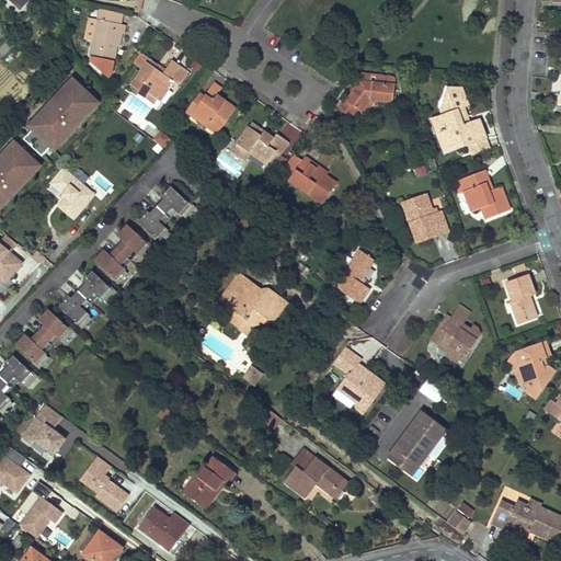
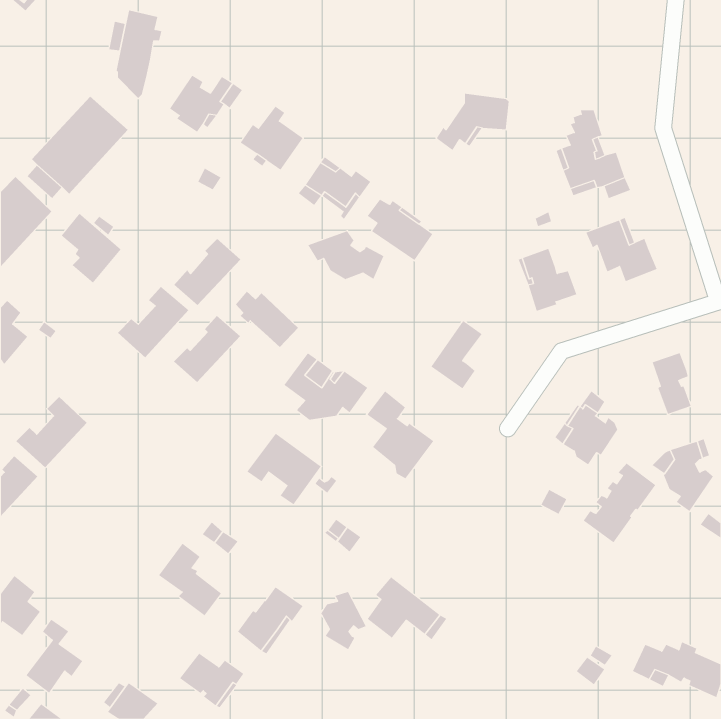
building: none -> [308,231,384,280]
building: none -> [235,291,299,348]
building: [56,270,108,322] -> [173,315,241,383]
building: none -> [246,433,322,505]
building: [331,346,383,415] -> [366,390,434,479]
building: [19,403,65,455] -> none
building: [388,412,445,474] -> [583,463,656,543]
building: [78,455,127,512] -> [158,543,222,616]
building: none -> [321,591,367,650]

